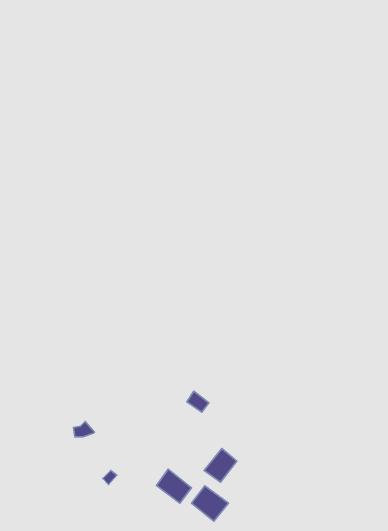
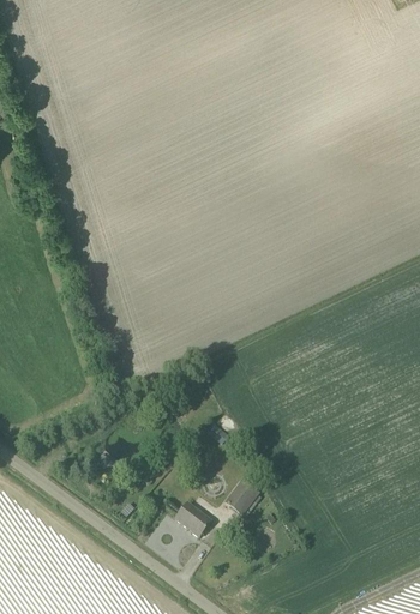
building: [191,486,229,521] -> none

